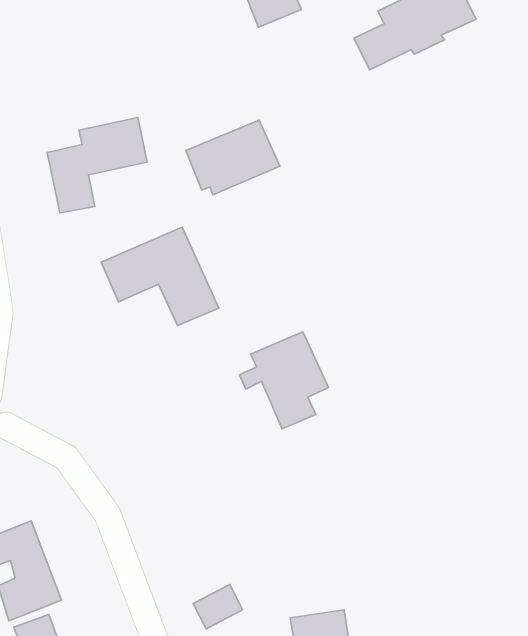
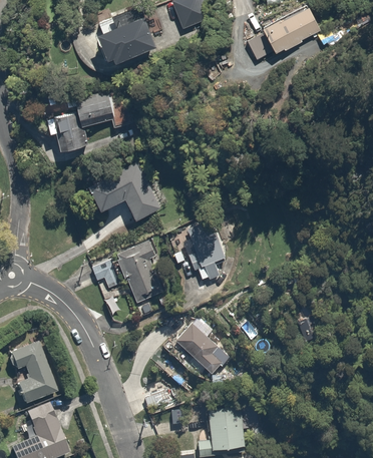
building: [186,120,280,195] -> [100,23,159,70]
building: none -> [117,249,157,306]
building: none -> [92,261,117,291]
building: none -> [175,323,229,375]

